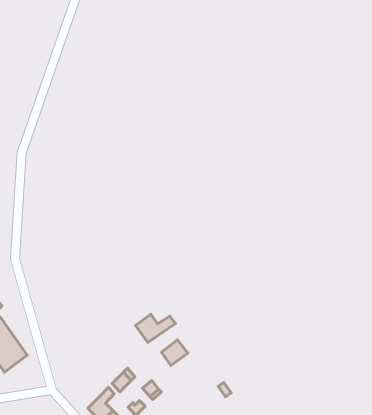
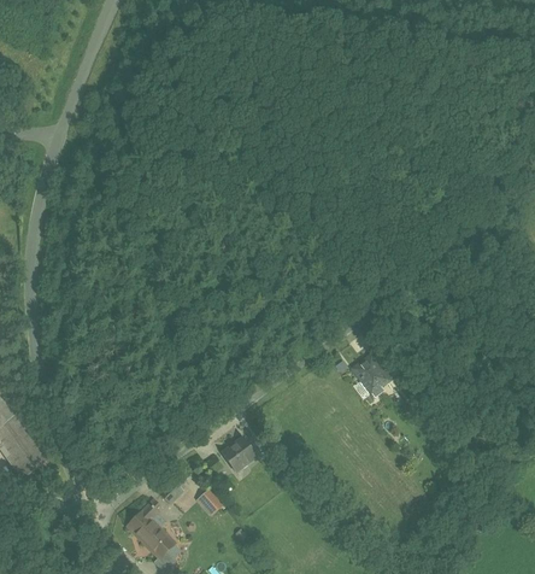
building: none -> [353,356,388,397]
building: [136,314,176,342] -> none

